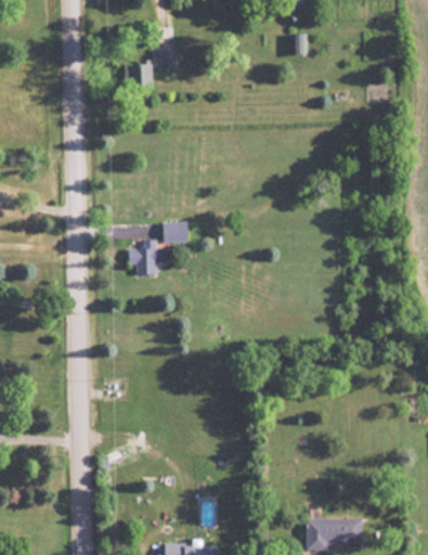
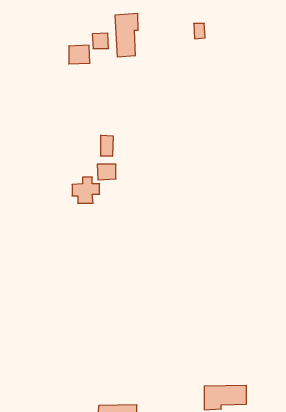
building: none -> [115,13,138,57]
building: none -> [101,135,113,156]

